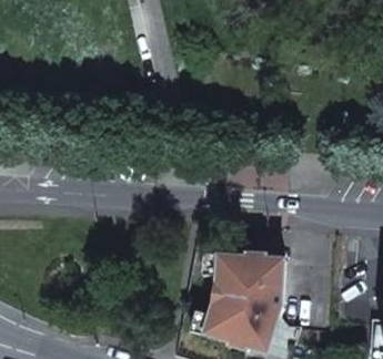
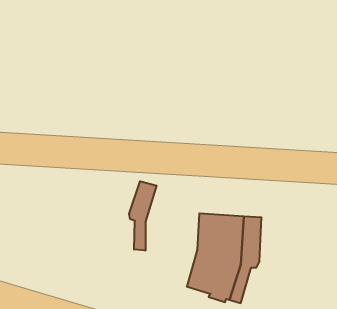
building: none -> [129,181,157,251]

